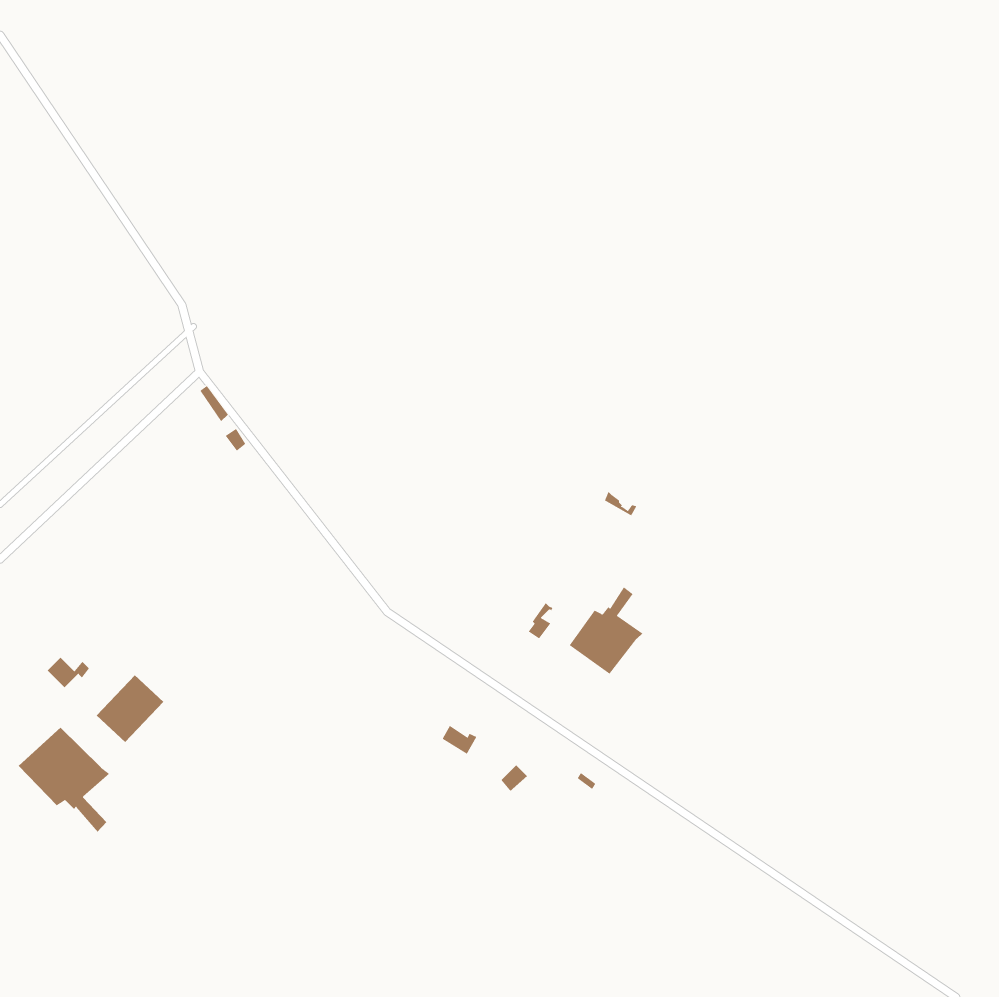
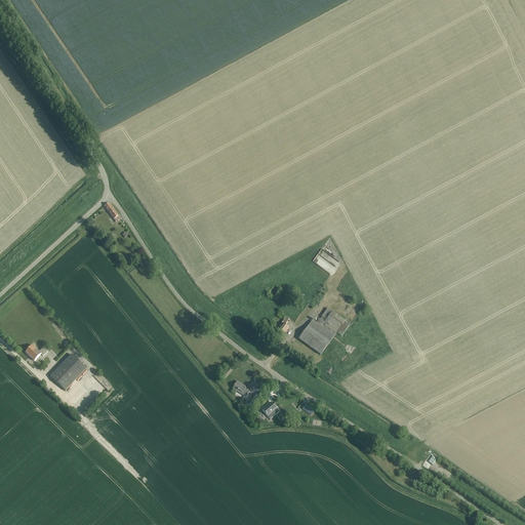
building: [18,727,110,832] -> none

